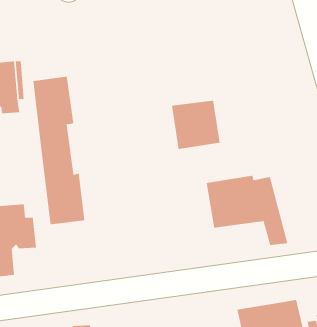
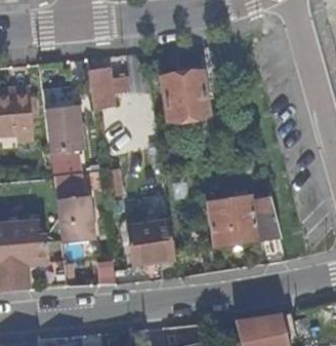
building: none -> [87,67,127,110]
building: [171,100,221,150] -> [161,72,207,118]
building: none -> [124,219,173,260]

